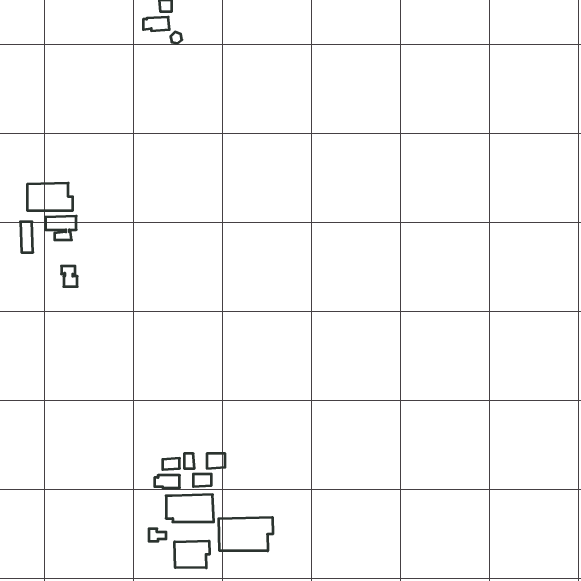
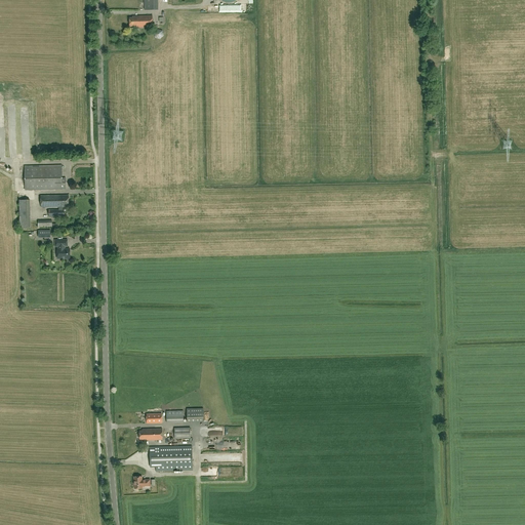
building: [219,517,273,551] -> none
building: [175,541,209,568] -> none

